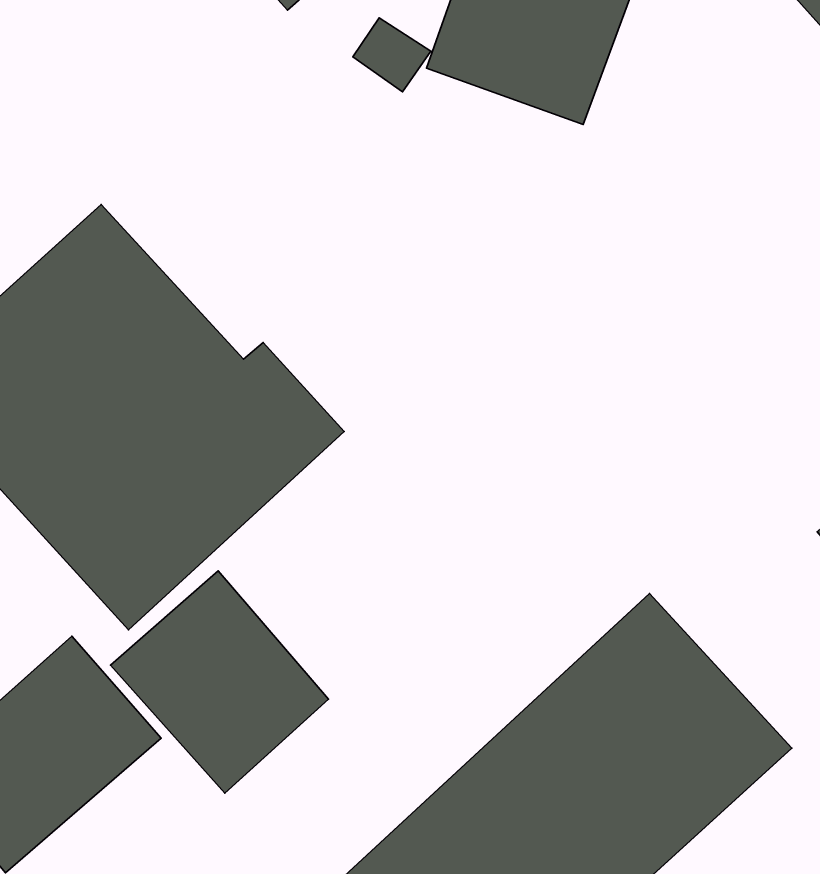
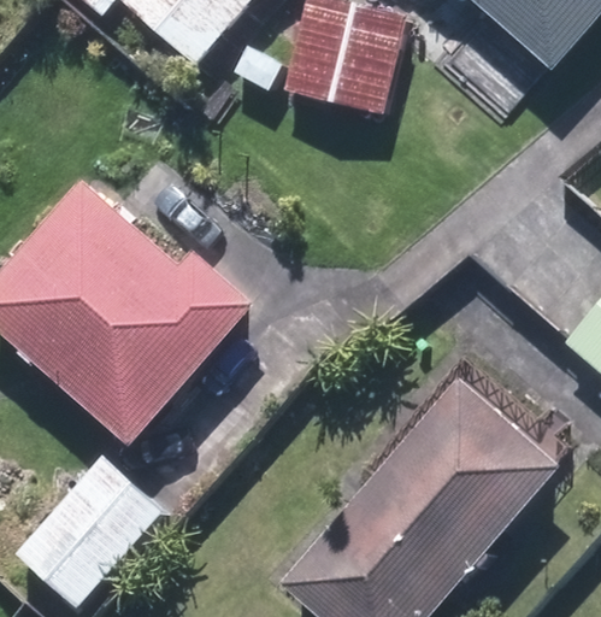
building: [111,571,329,793] -> none

